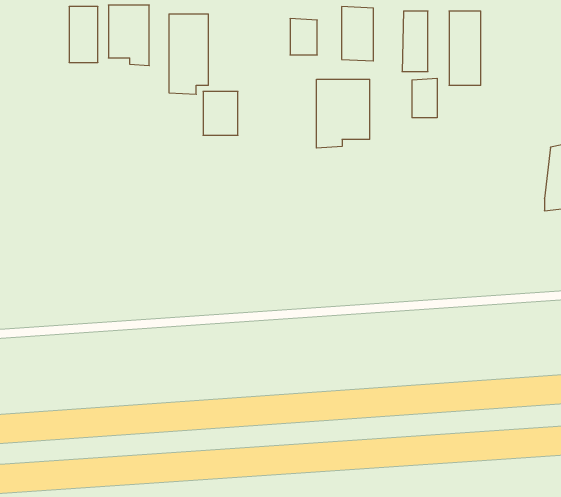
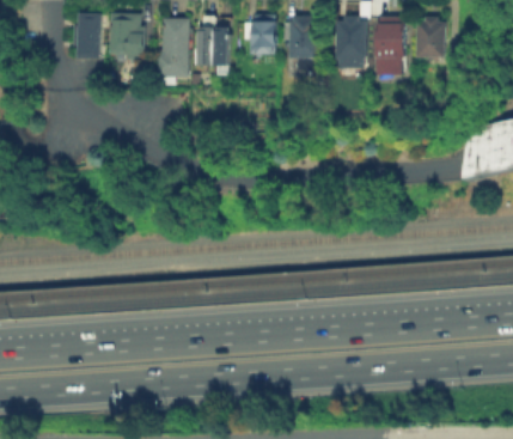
building: none -> [419,23,444,61]
building: [412,78,437,118] -> none
building: [317,79,370,148] -> none
building: [203,91,238,135] -> [203,31,231,66]

